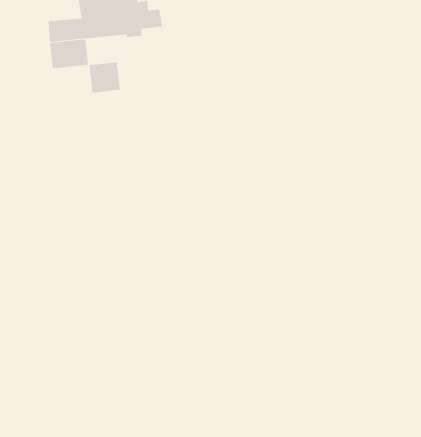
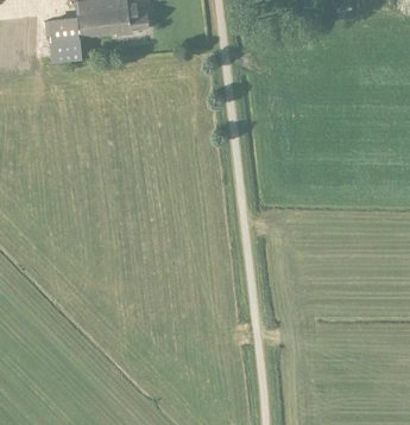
building: [89,62,121,93] -> none

